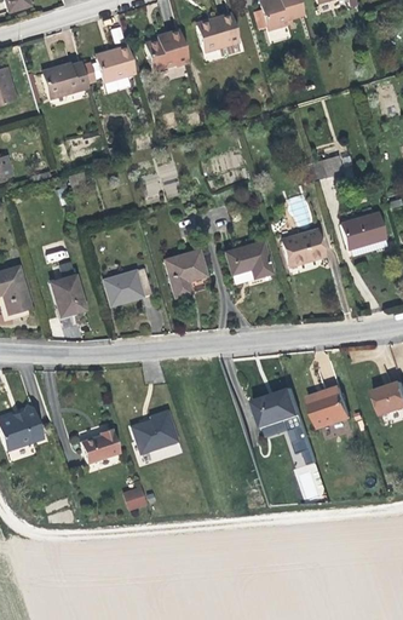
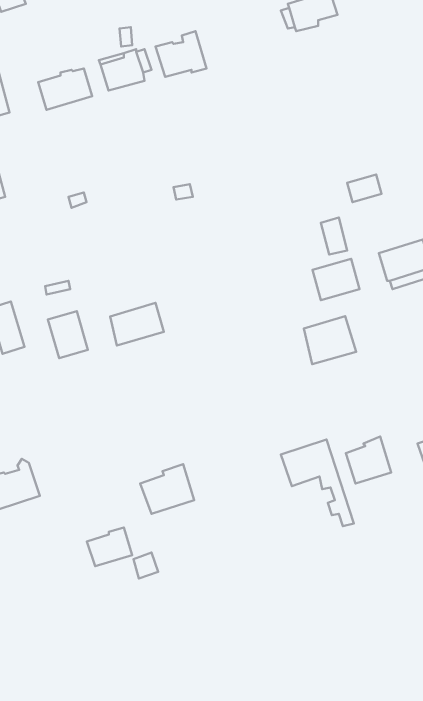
building: [196,13,238,51] -> none
building: [226,241,272,283] -> [304,316,356,364]
building: [165,249,206,297] -> none
building: [80,429,120,463] -> [87,528,132,566]

